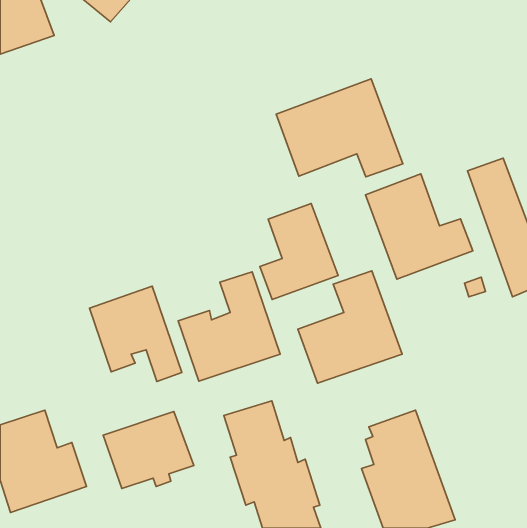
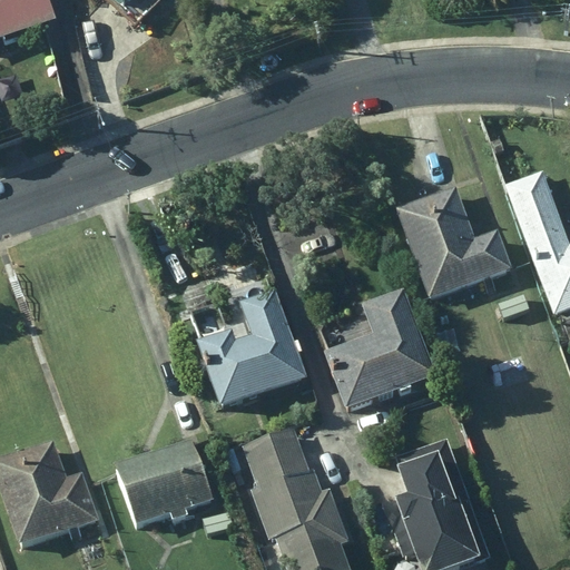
building: [276,79,403,177] -> none
building: [260,204,338,299] -> none
building: [89,286,182,382] -> none

